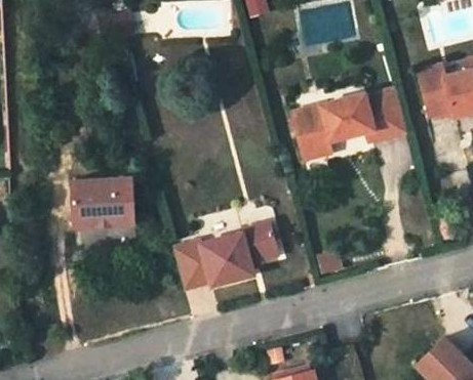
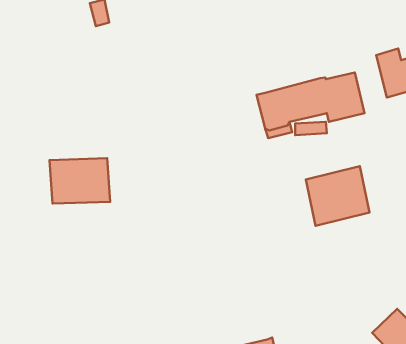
building: none -> [306,166,370,226]
building: [173,221,277,289] -> none

